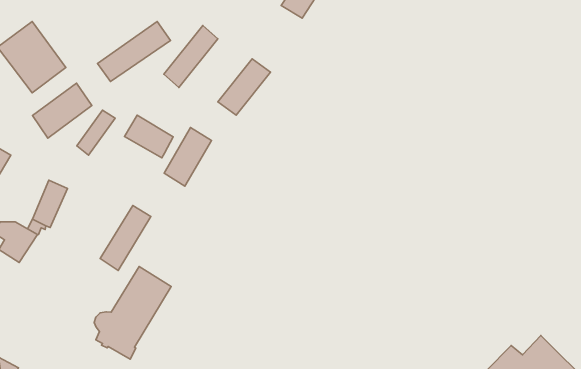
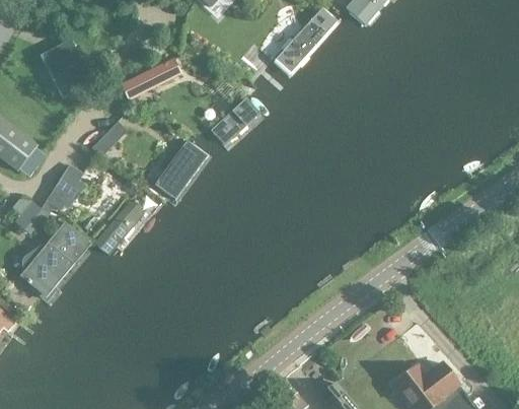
building: [164,25,218,88] -> none
building: [32,83,92,138] -> none
building: [125,115,173,158] -> none
building: [94,266,171,359] -> [21,222,89,296]

